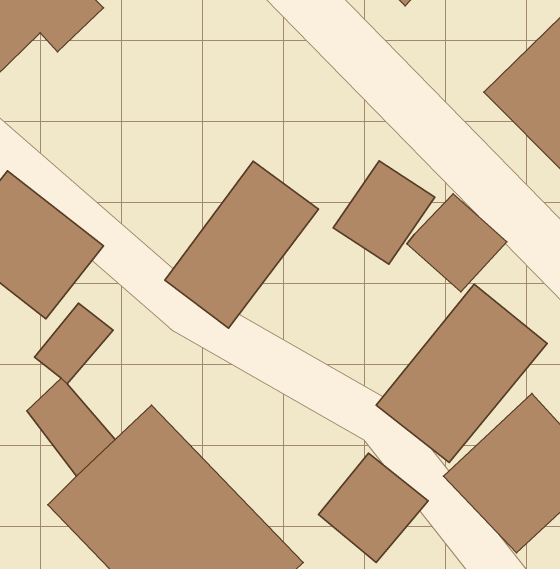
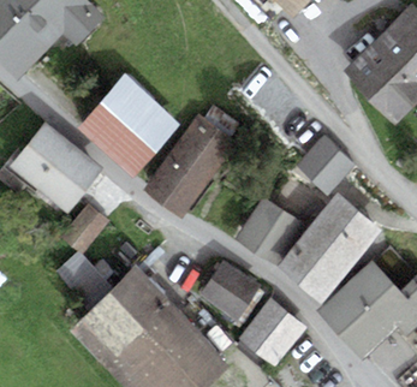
building: none -> [76,75,180,178]
building: [333,161,435,264] -> [236,196,299,261]
building: none -> [197,258,262,322]

